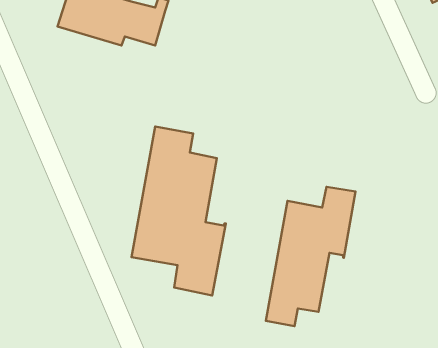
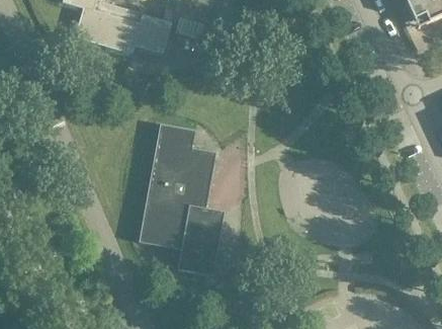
building: [266,187,355,326] -> none

